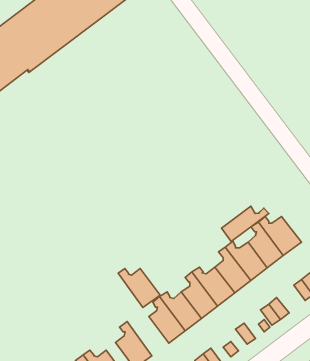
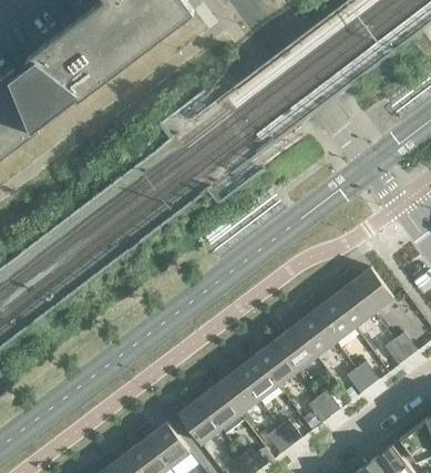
building: [221,206,269,242] -> none
building: [118,268,160,307] -> [192,384,240,430]

